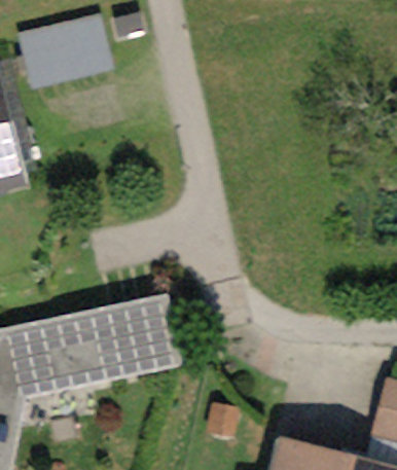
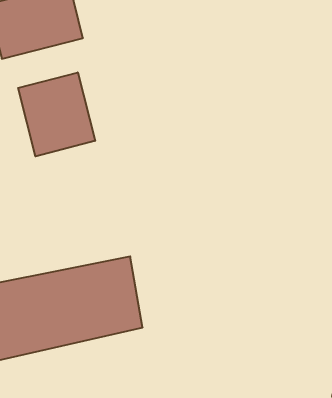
building: none -> [18,72,95,156]

